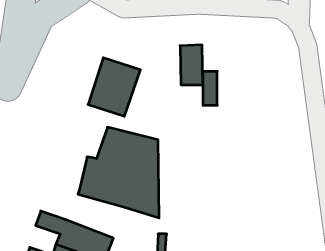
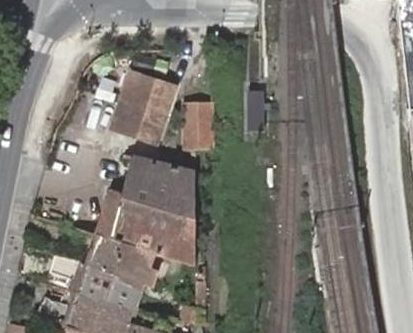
building: [180,45,203,85] -> [184,103,211,150]
building: none -> [86,234,160,289]

